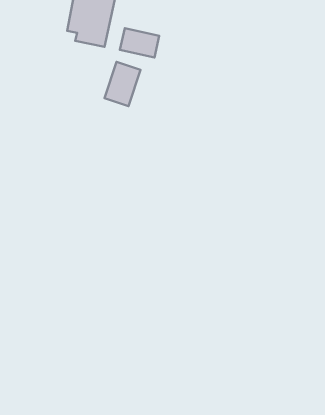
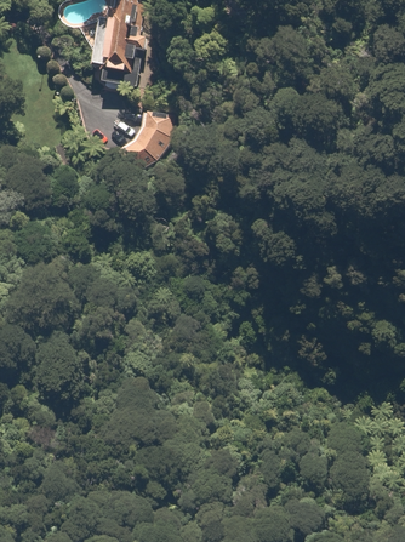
building: [120,28,159,57] -> none

